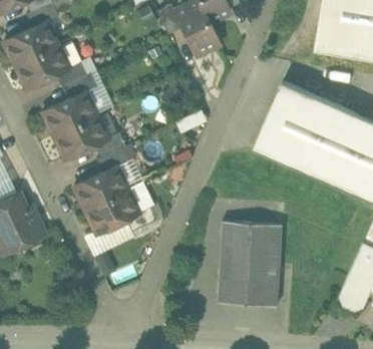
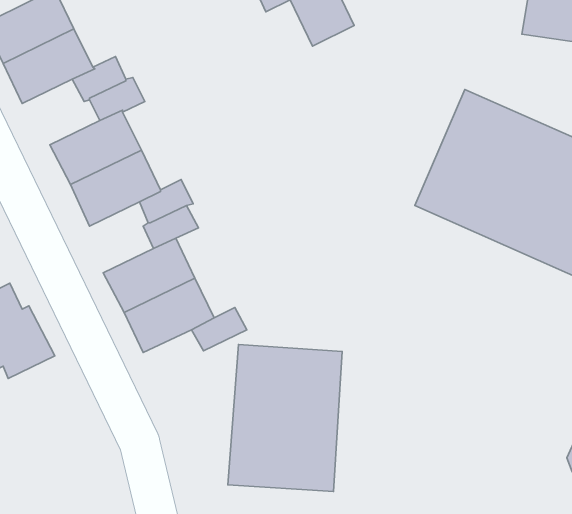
building: [217,221,283,306] -> [228,345,342,492]

